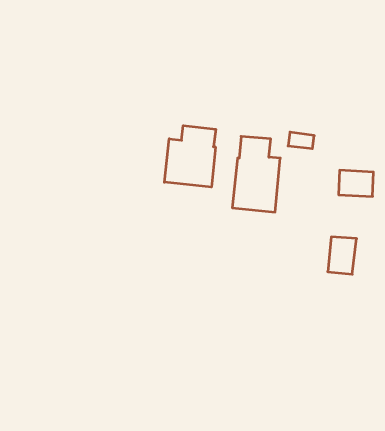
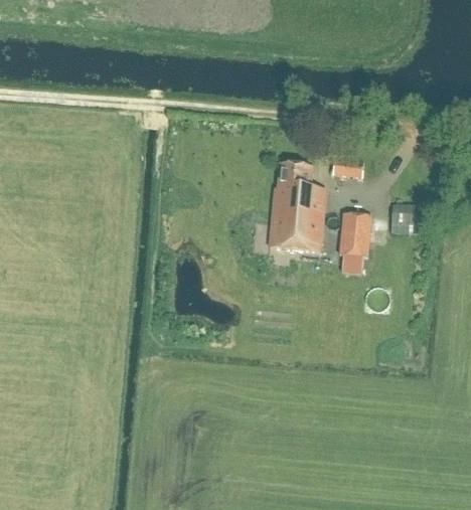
building: [164,126,216,187] -> none
building: [328,237,357,274] -> [338,213,371,257]

